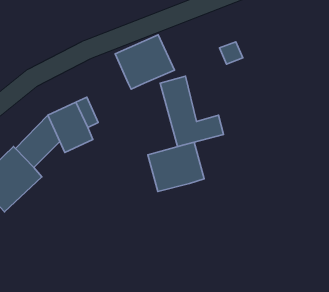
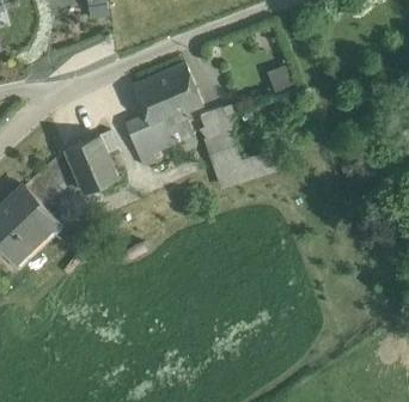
building: none -> [134,112,189,153]
building: [148,142,204,191] -> none

